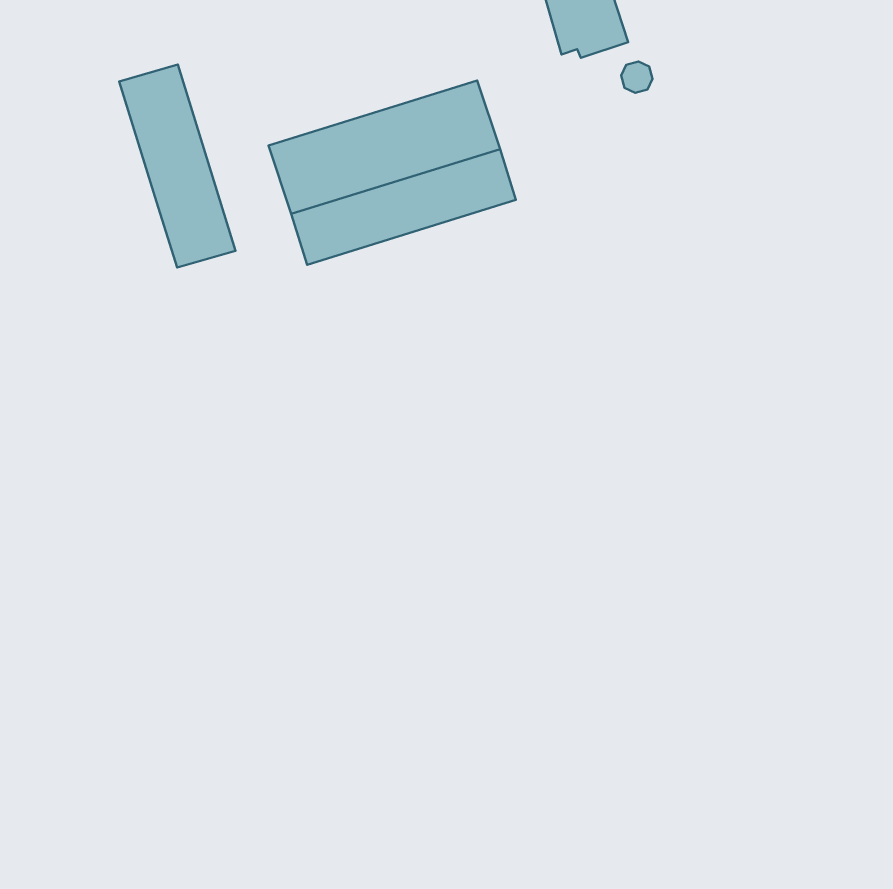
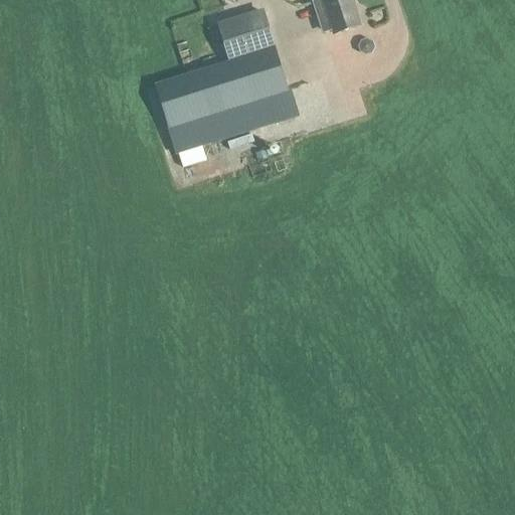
building: none -> [219,7,274,59]
building: [119,65,236,268] -> none

